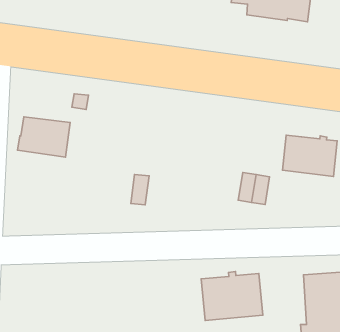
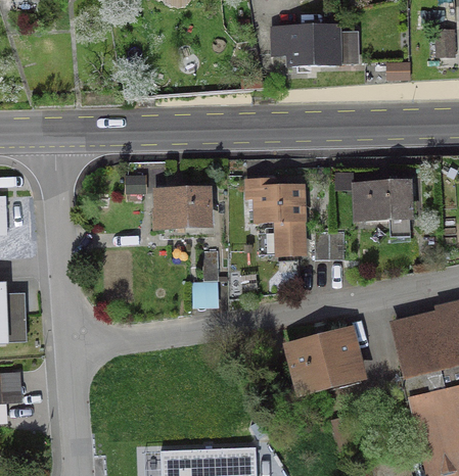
building: none -> [247,178,303,252]
building: [18,117,70,157] -> [156,188,208,226]

